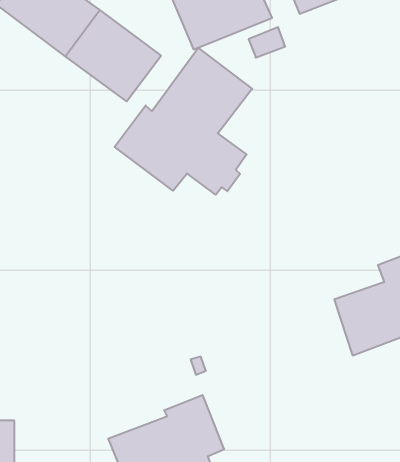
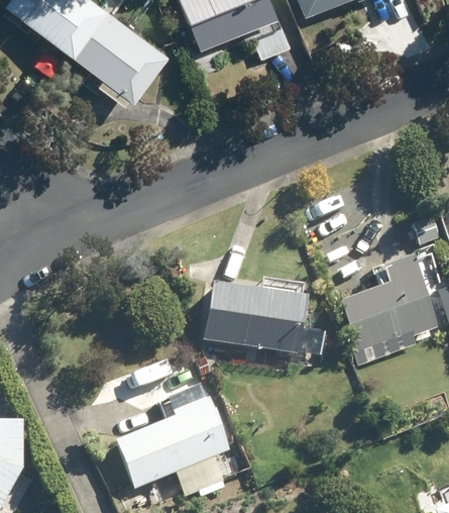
building: [115,48,252,195] -> none
building: none -> [205,282,308,352]

